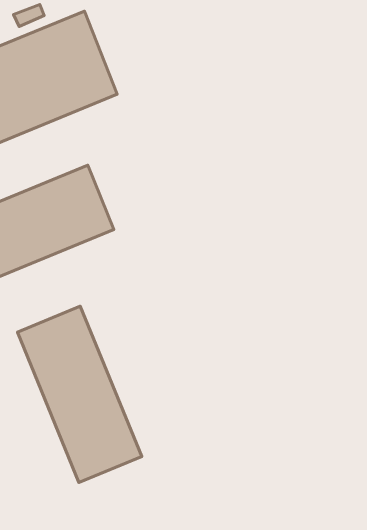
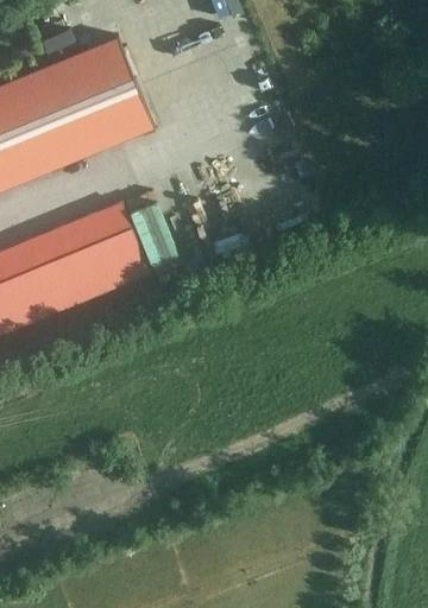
building: [17,306,142,482] -> none

